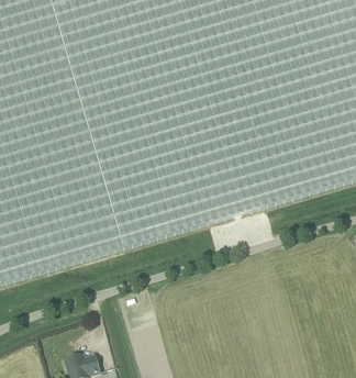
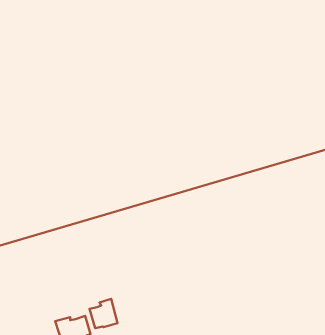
building: none -> [90,299,118,328]

